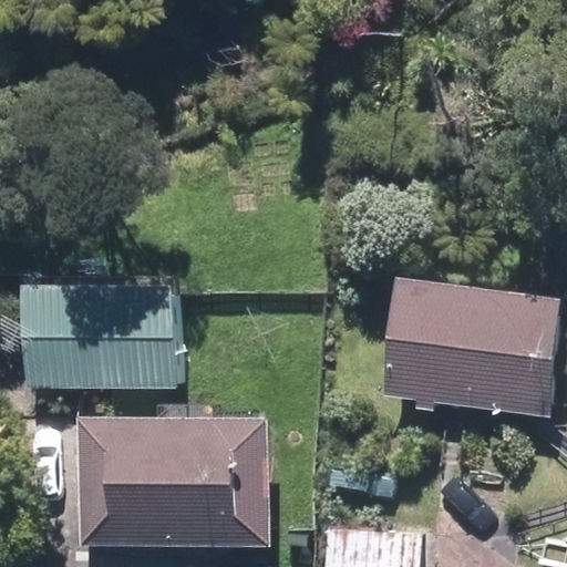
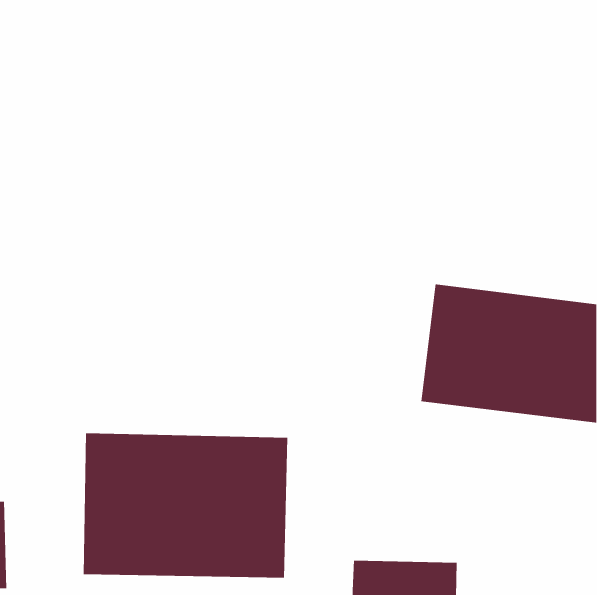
building: [27,281,179,390] -> none

